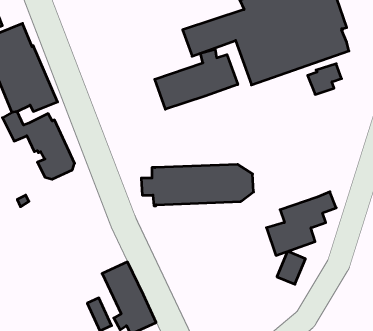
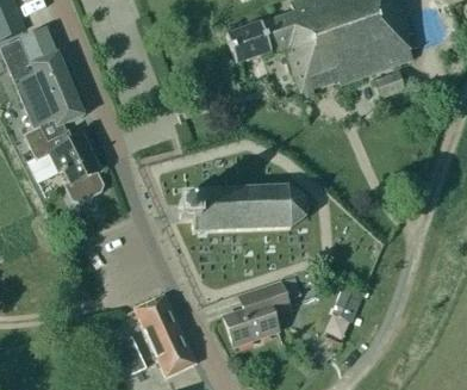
building: [155,49,238,109] -> none
building: [266,192,336,255] -> [222,276,300,347]

